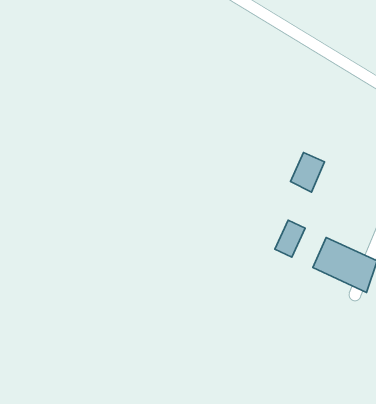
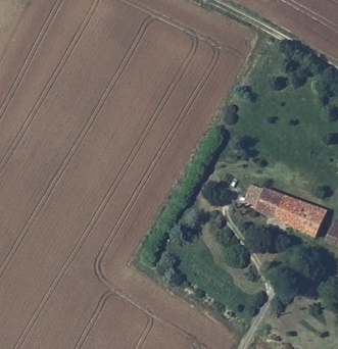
building: [290,153,324,192] -> [257,187,284,217]

